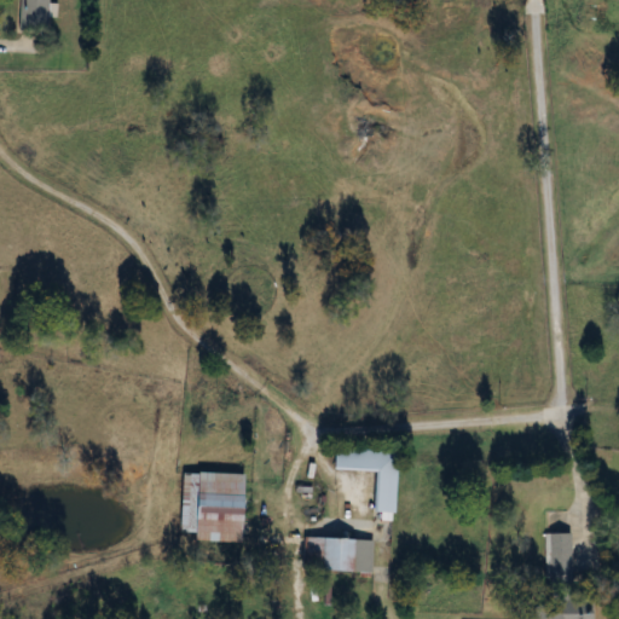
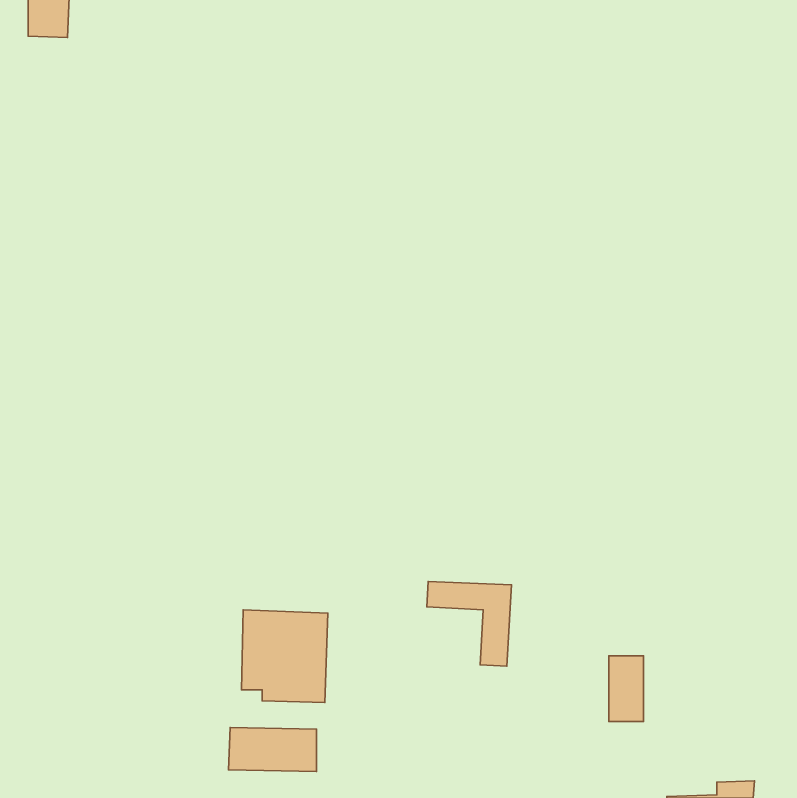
building: [545,533,572,584] -> [609,656,643,722]
building: [303,538,371,572] -> [229,728,316,771]

